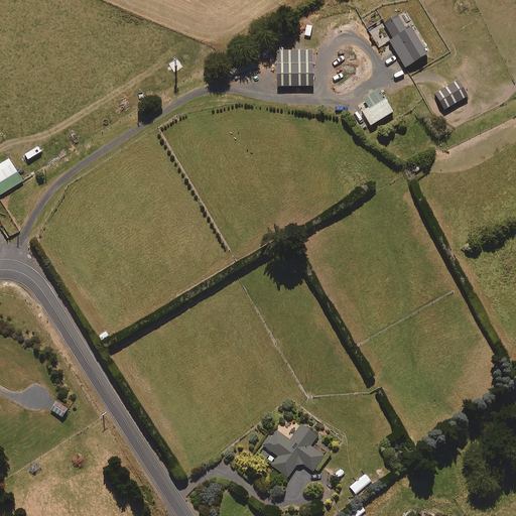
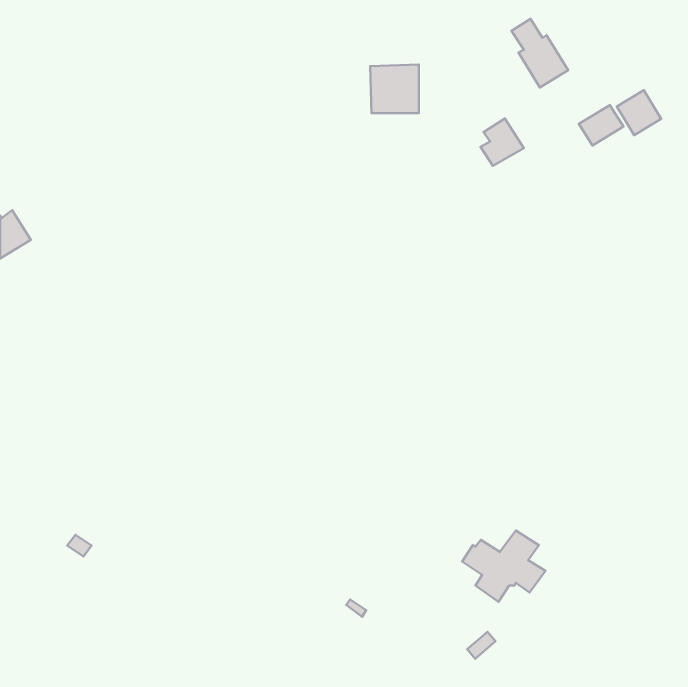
building: none -> [617,90,661,135]
building: [262,422,325,476] -> [462,530,546,602]

